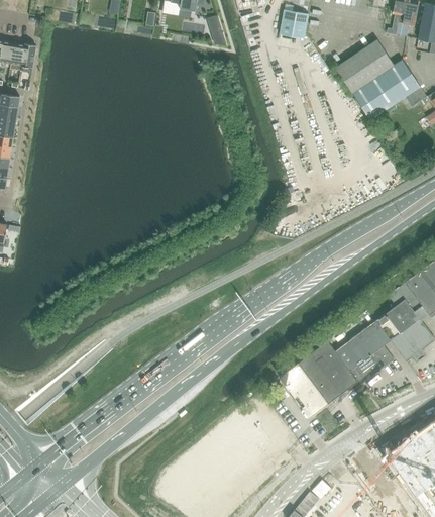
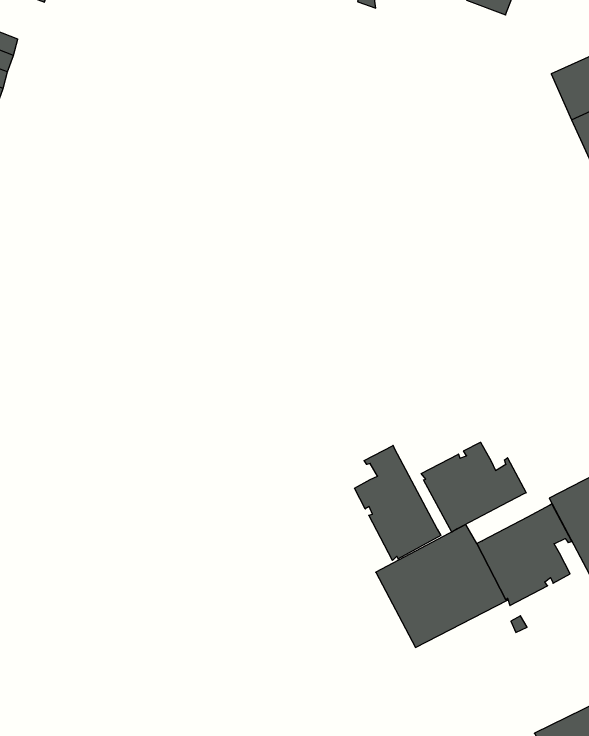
building: none -> [421,442,526,532]
building: none -> [355,445,441,560]

